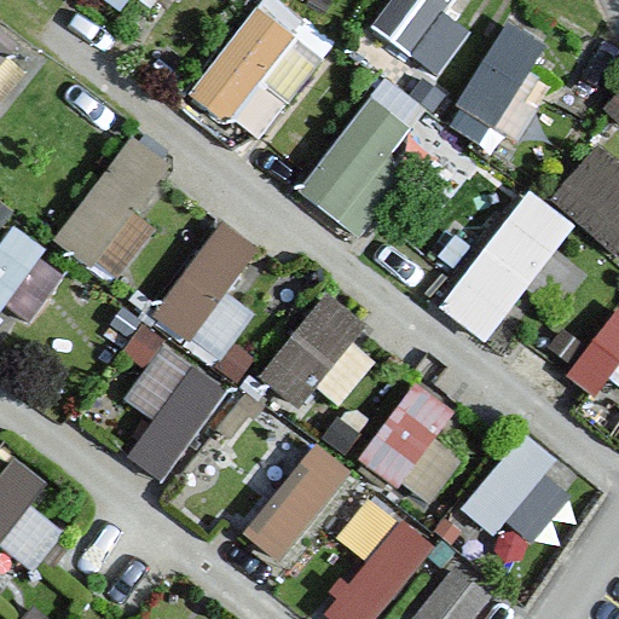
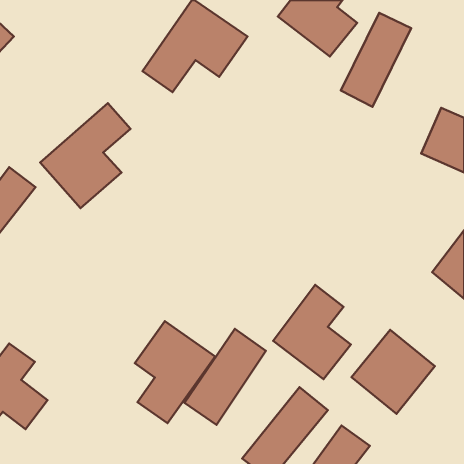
building: [300,77,430,225] -> none
building: [439,191,577,341] -> none
building: [152,220,260,361] -> none
building: [261,294,363,406] -> none
building: [122,346,228,481] -> [135,321,215,423]

